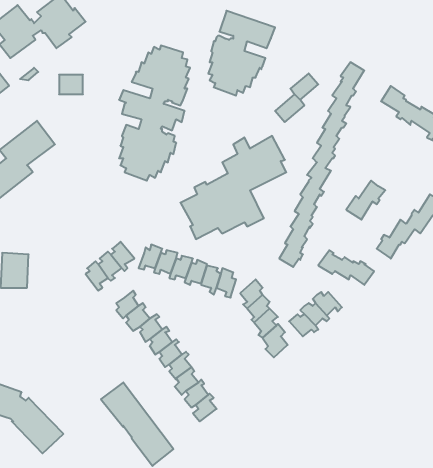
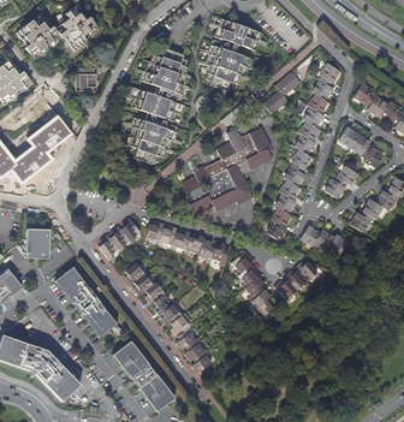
building: none -> [338,126,382,167]
building: none -> [55,265,117,337]

